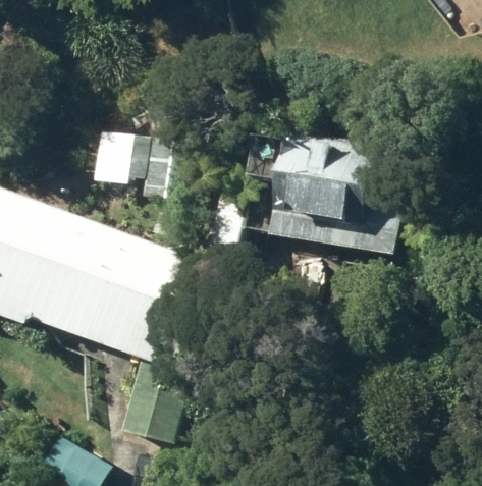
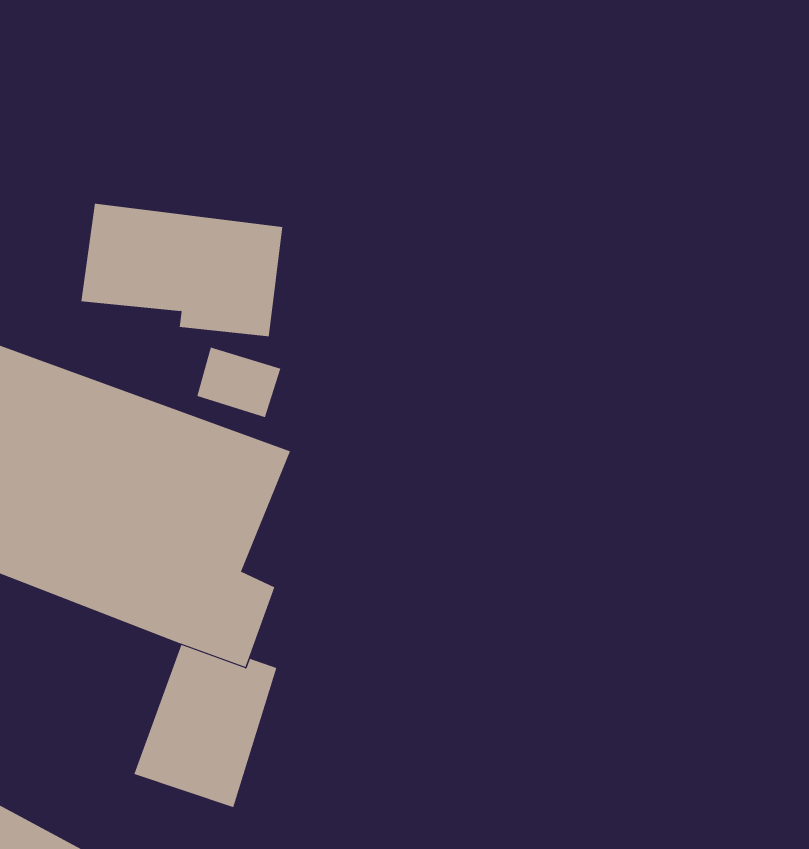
building: [268,129,399,251] -> none

